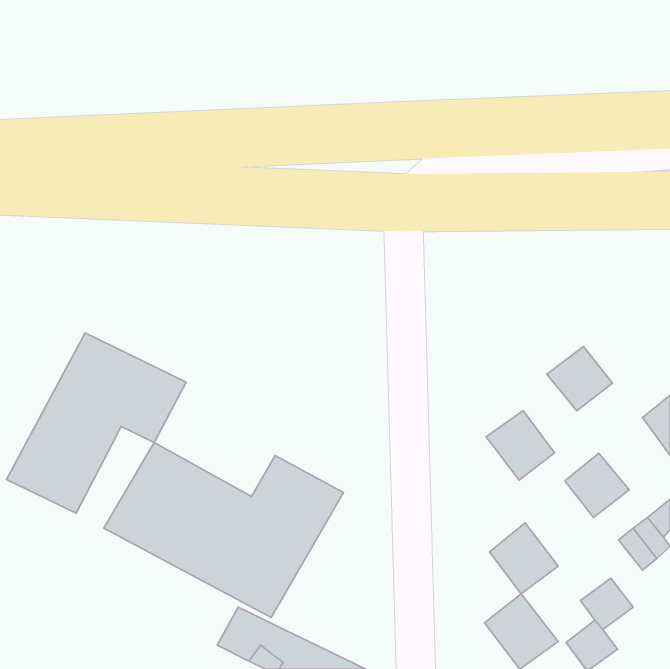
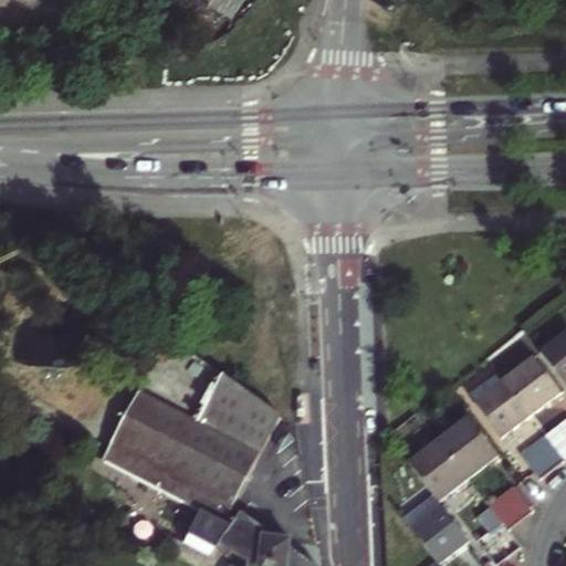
building: [7,333,186,513] -> none
building: [547,346,613,411] -> [503,357,558,411]
building: [486,411,555,480] -> [441,417,499,475]

